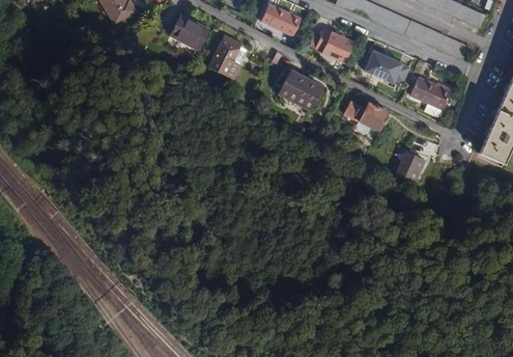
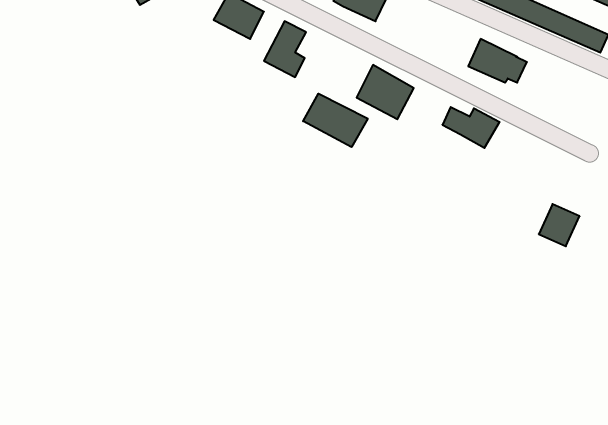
building: [315,28,353,62] -> none
building: [410,76,450,108] -> none
building: none -> [303,94,368,147]
building: [393,147,424,180] -> [539,204,580,246]

